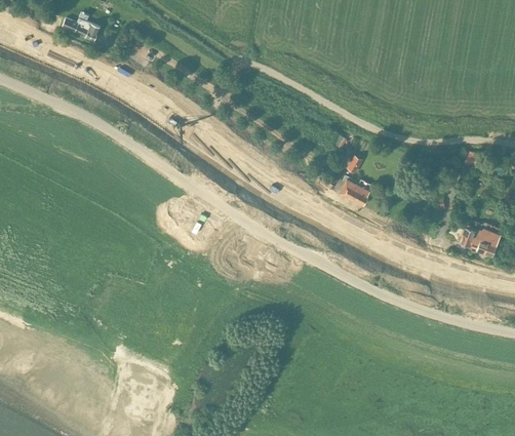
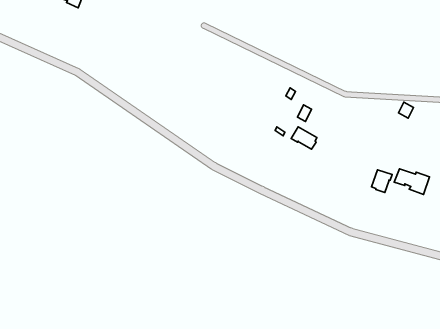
building: none -> [371,170,392,193]

